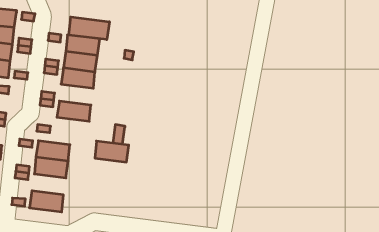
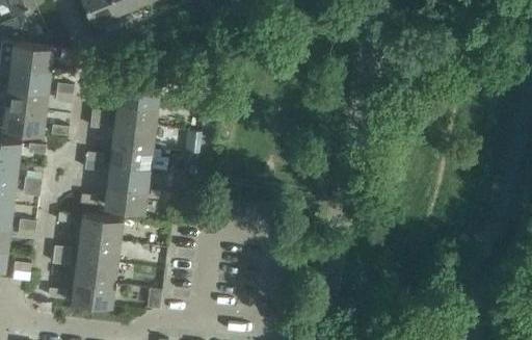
building: [69,17,109,40] -> none
building: none -> [109,142,153,169]
building: [95,141,129,162] -> [104,185,148,212]
building: none -> [74,258,117,285]

